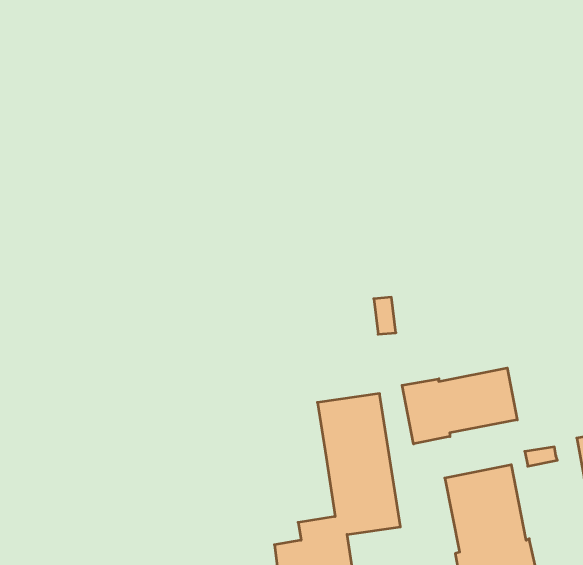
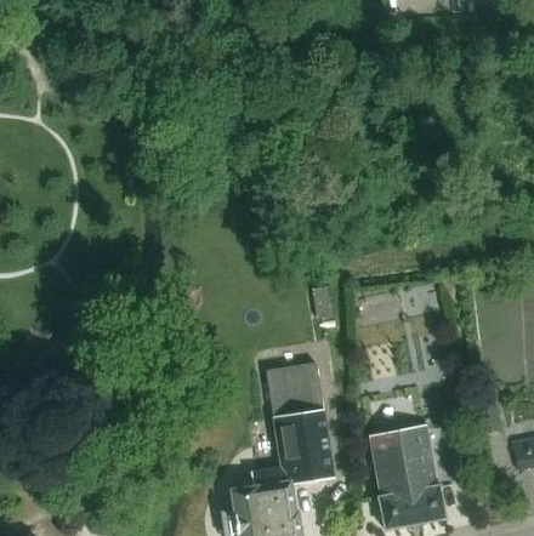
building: [402,368,517,444] -> none

